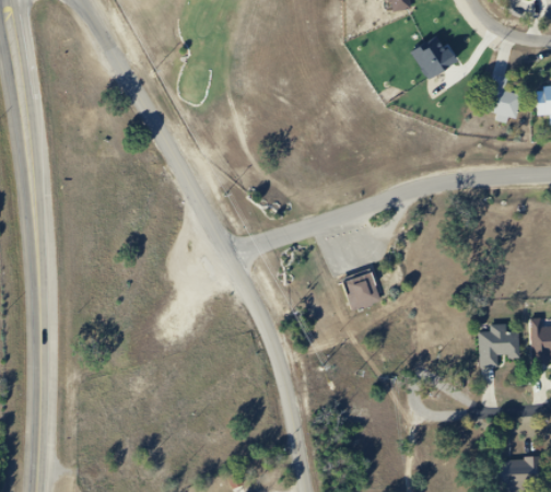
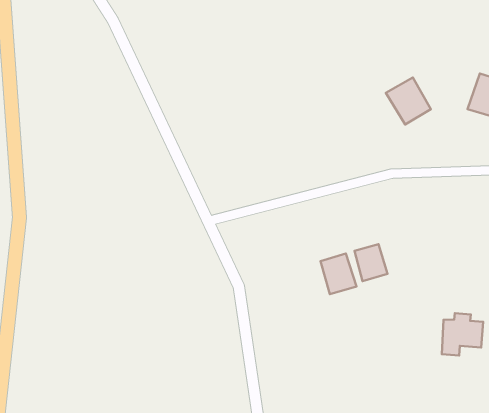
building: [413,37,460,85] -> [386,78,431,124]
building: none -> [354,244,387,281]

